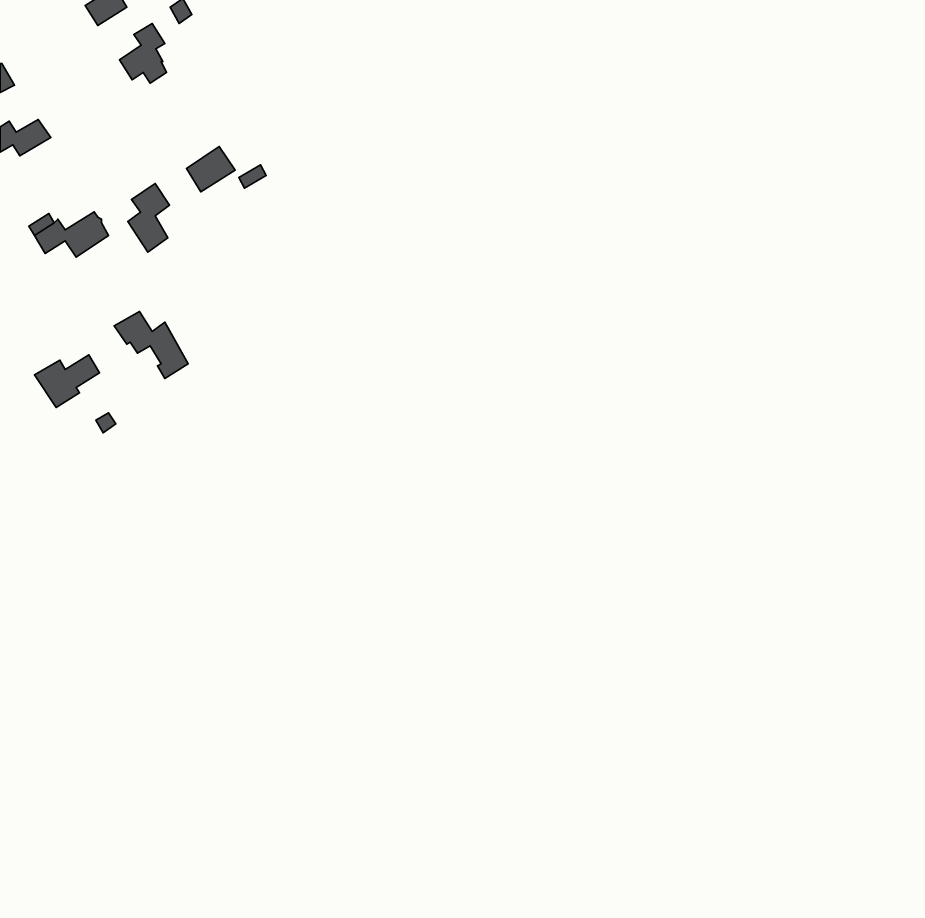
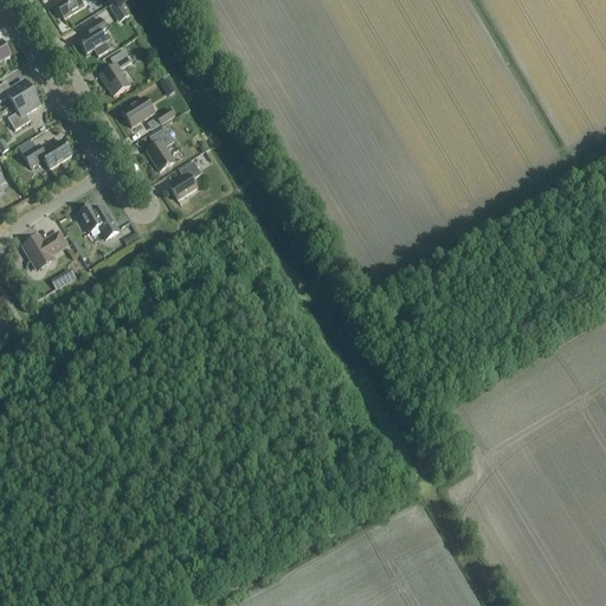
building: none -> [99,47,131,94]
building: none -> [8,90,40,128]
building: [128,183,169,252] -> [147,125,174,170]
building: none -> [169,160,201,199]

